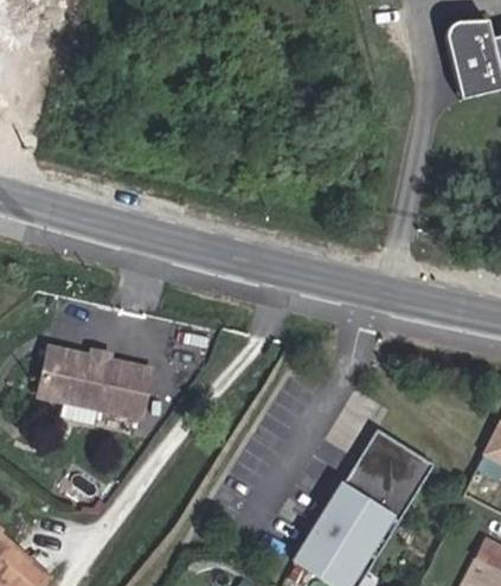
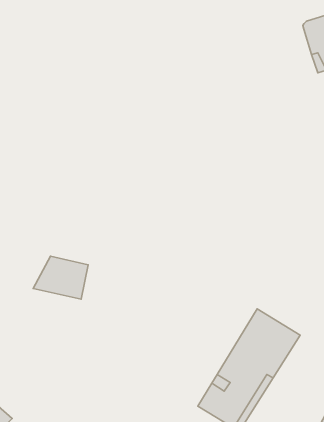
building: [39,345,96,400] -> none

